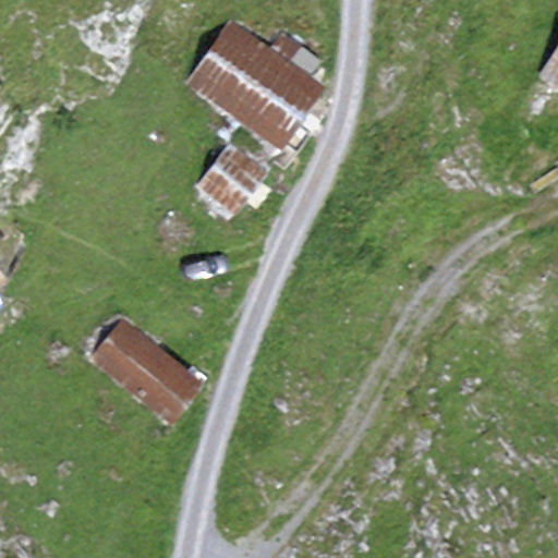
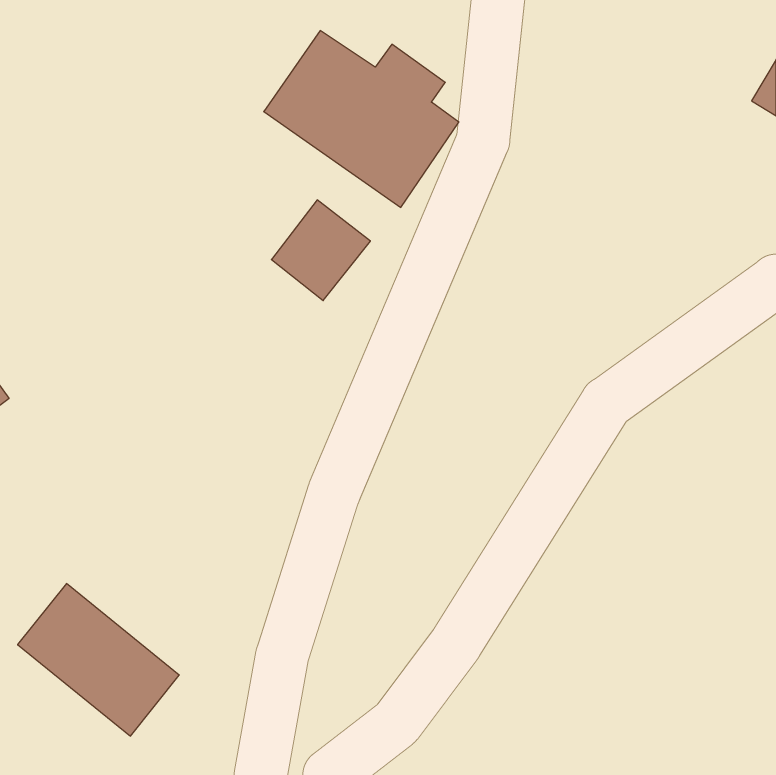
building: [87,317,203,426] -> [18,584,179,736]

